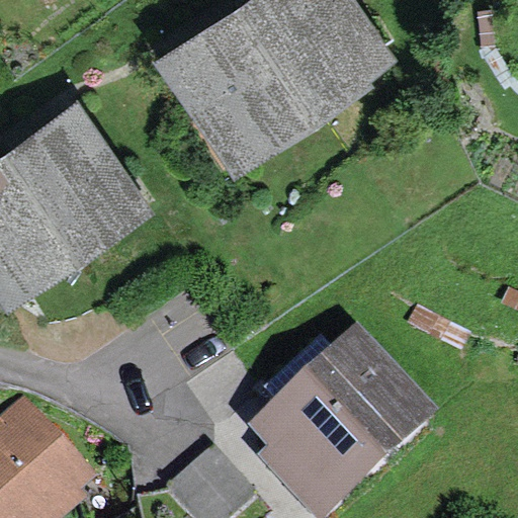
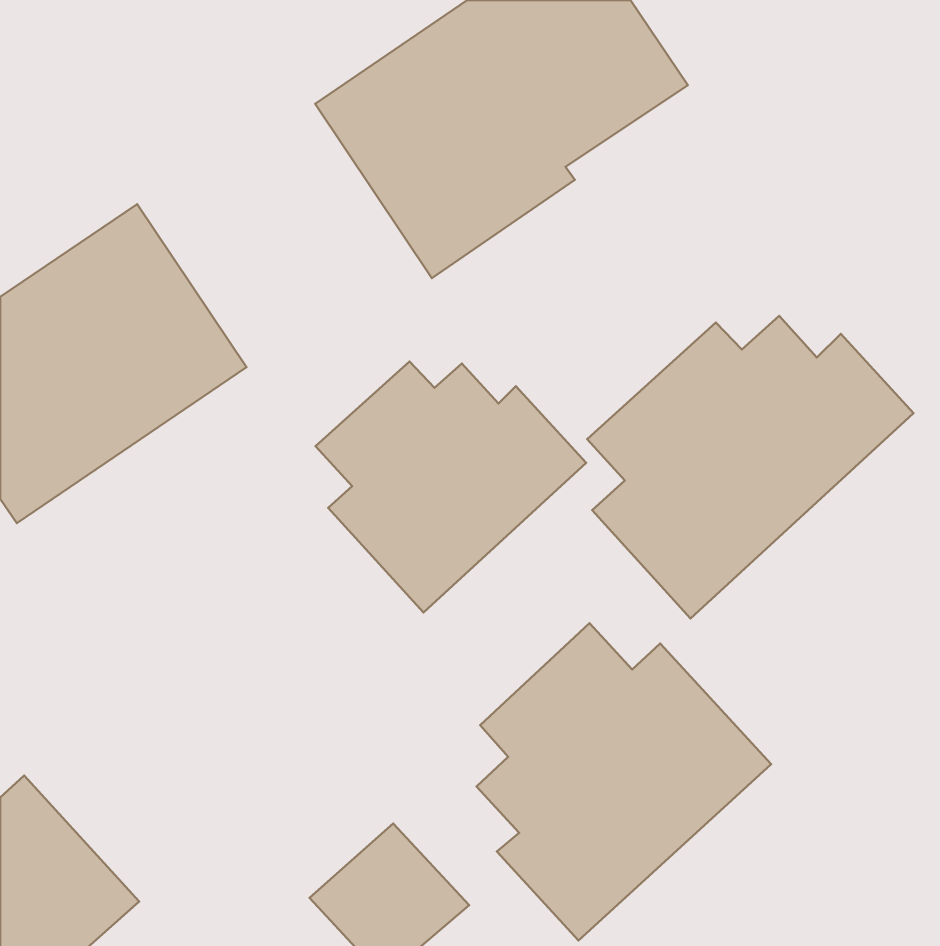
building: none -> [587,316,914,618]
building: none -> [316,362,586,613]

